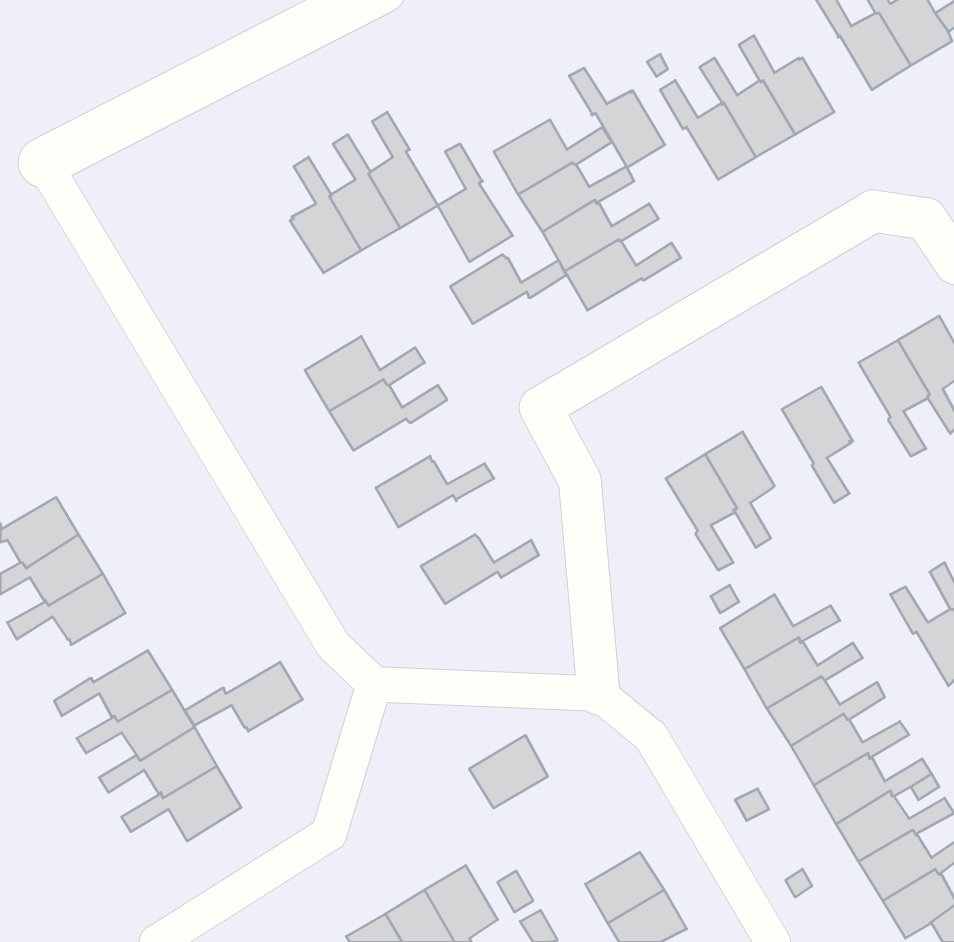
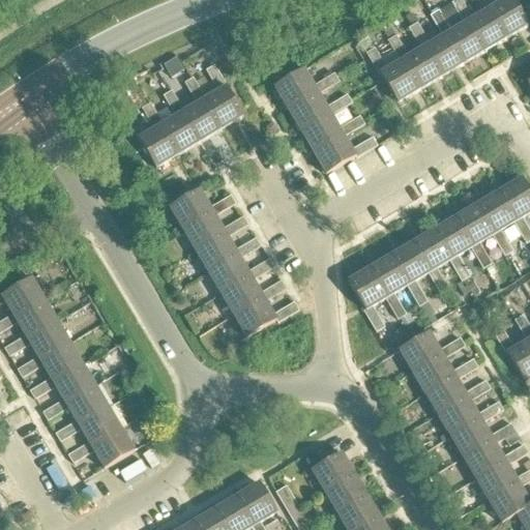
building: [569,68,665,167] -> [431,7,483,62]
building: [438,144,513,262] -> [139,100,180,166]
building: [450,255,566,324] -> [197,232,261,270]
building: none -> [455,201,494,266]
building: none -> [412,227,451,291]
building: none -> [348,265,387,329]
building: none -> [222,274,287,314]
building: [185,662,303,731] -> [18,340,83,378]
building: [469,735,548,808] -> [312,449,355,490]

